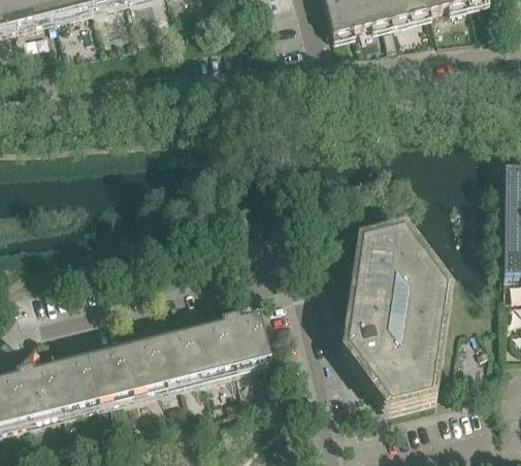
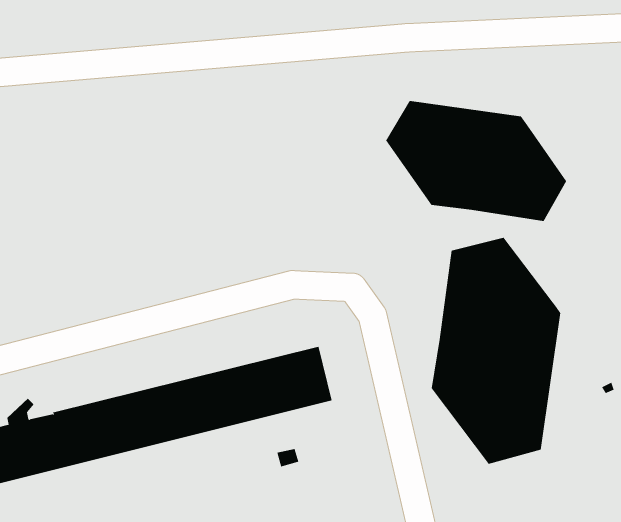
building: none -> [386,100,567,222]

